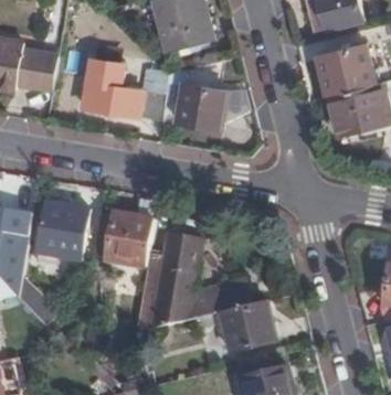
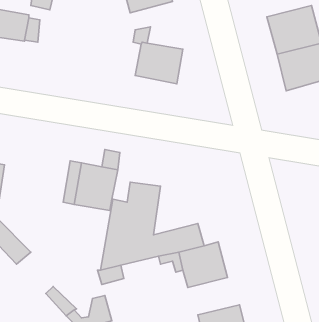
building: [84,61,163,120] -> none
building: [38,205,85,258] -> none

